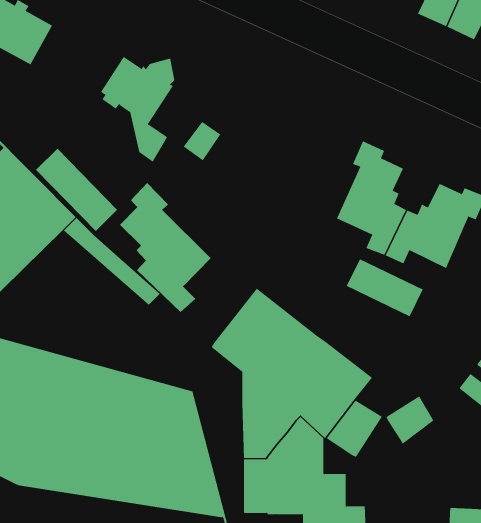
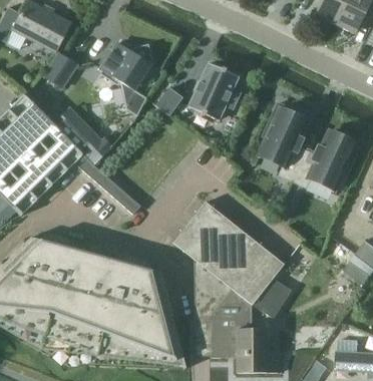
building: none -> [43,53,76,88]
building: none -> [189,63,240,120]
building: [119,182,211,313] -> none
building: [346,258,424,317] -> none
building: [386,395,434,445] -> none

